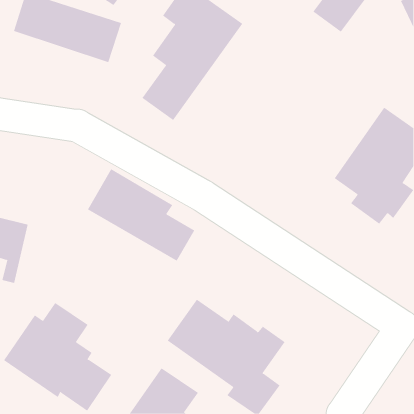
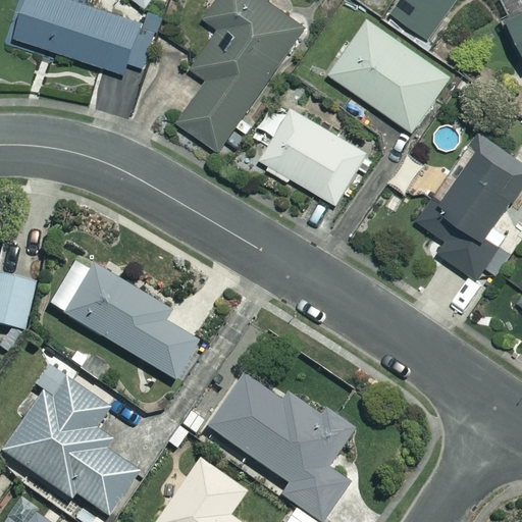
building: none -> [328,20,452,134]
building: none -> [260,107,366,205]
building: [87,169,195,262] -> [64,262,199,378]

